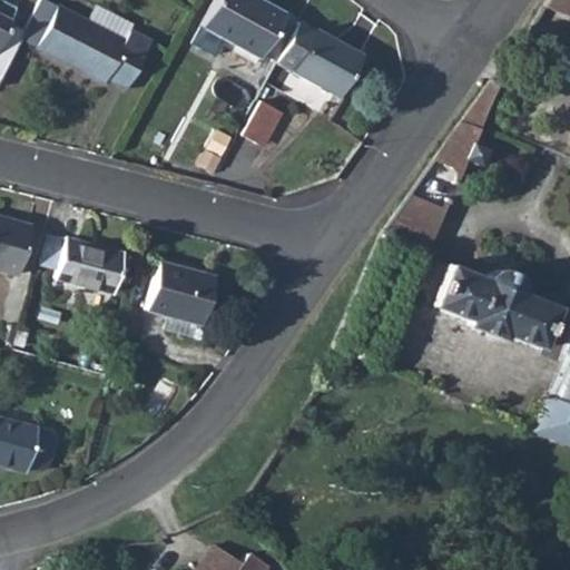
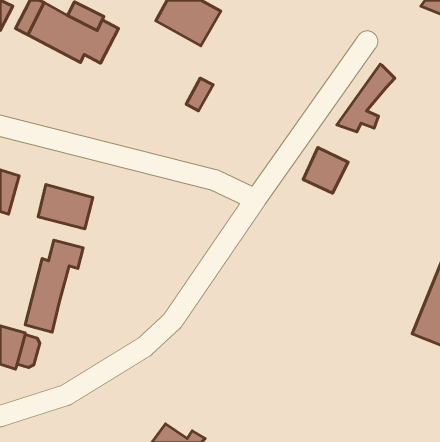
building: [276,22,364,99] -> none
building: [142,262,212,325] -> none
building: [434,265,558,348] -> none
building: none -> [25,240,83,332]

